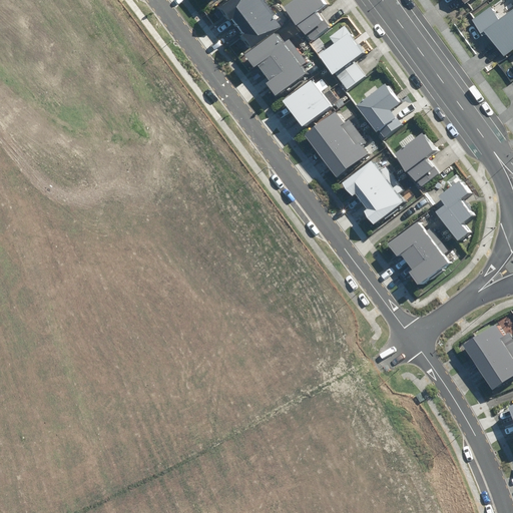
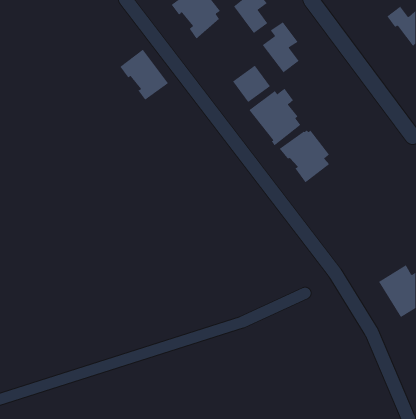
building: [244,31,305,94] -> [120,49,169,101]
building: [357,83,402,137] -> none
building: [394,132,438,186] -> none
building: [436,180,472,239] -> none
building: [386,220,448,284] -> none

